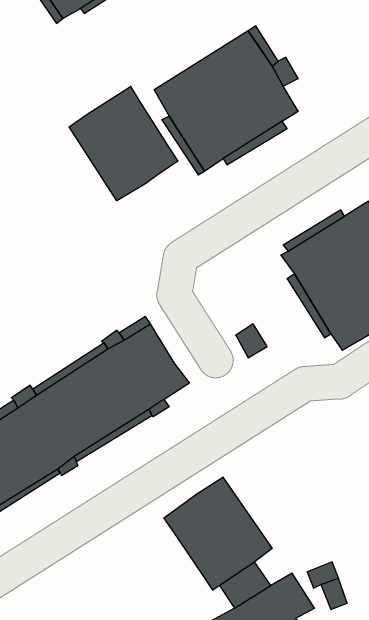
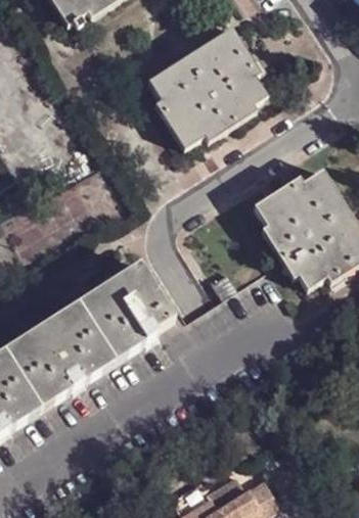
building: [69,86,178,201] -> none
building: [164,477,272,590] -> none

